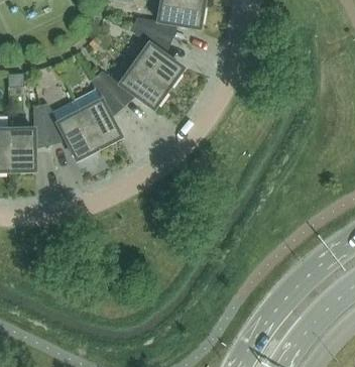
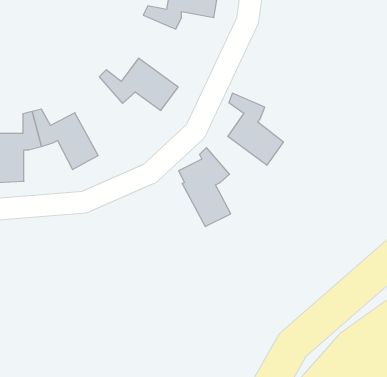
building: [134,25,183,88] -> [228,93,283,165]
building: [76,79,121,147] -> [179,148,231,227]

